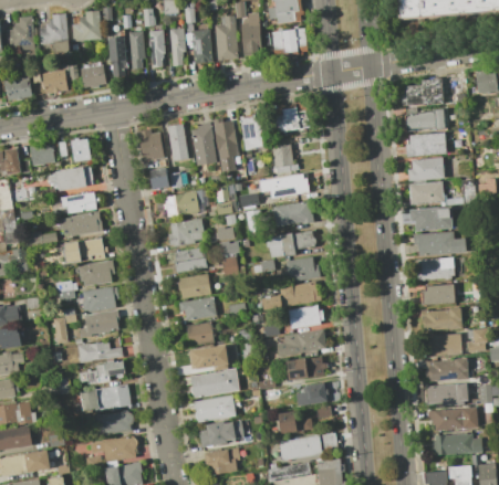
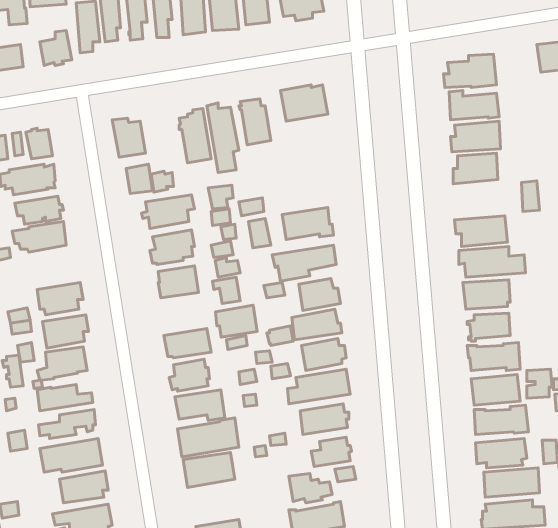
building: [166,123,188,160] -> none
building: [266,138,292,173] -> none
building: [259,173,309,198] -> none
building: [408,181,444,204] -> none
building: [63,236,107,262] -> none
building: [177,273,210,298] -> [215,305,257,337]
building: [198,420,248,446] -> none

